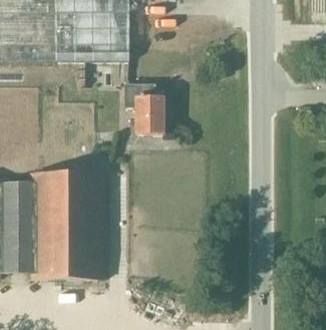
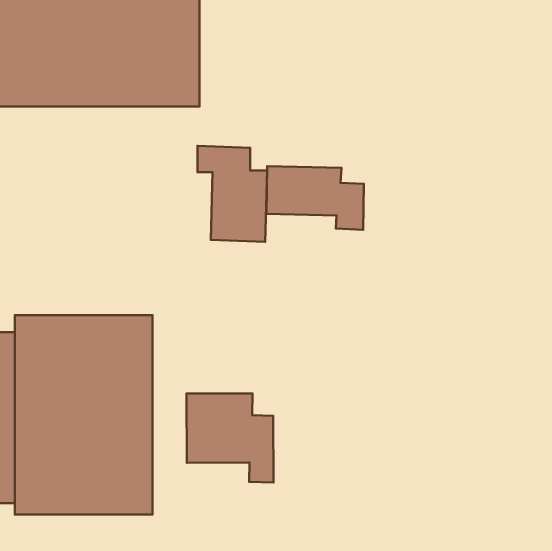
building: none -> [266,166,364,230]
building: none -> [187,394,274,483]

